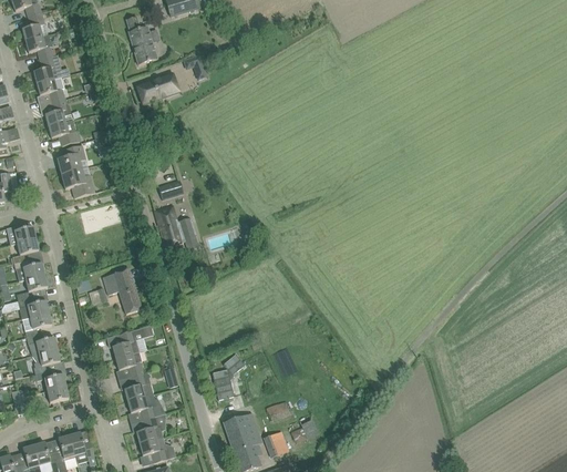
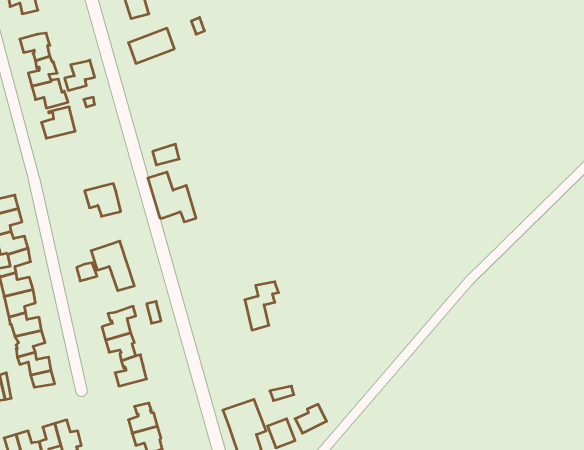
building: [33,54,61,82] -> [65,60,95,90]
building: [61,166,94,196] -> [85,184,121,216]
building: [210,355,241,399] -> [245,282,279,330]
building: [127,393,156,419] -> none

